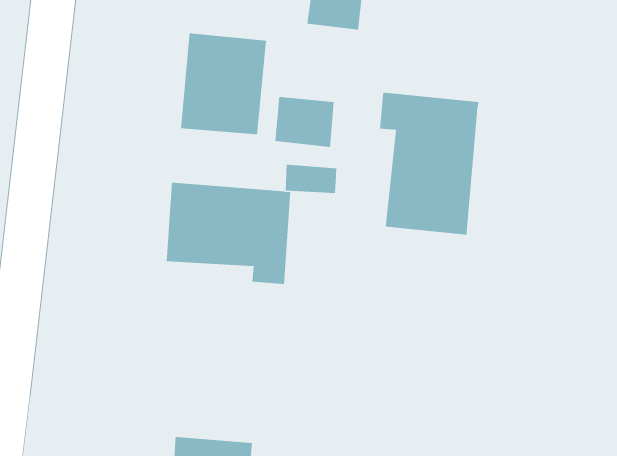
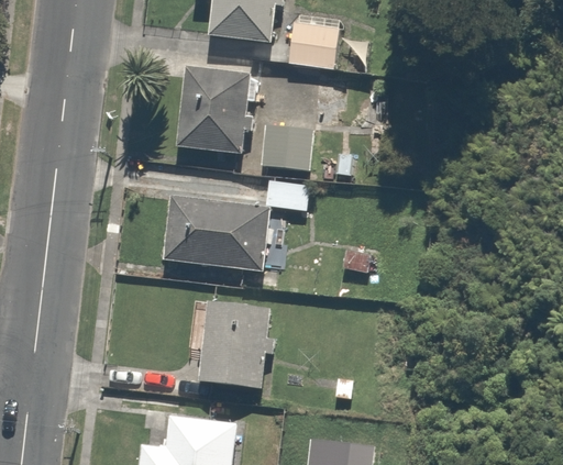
building: [380,92,479,236] -> none
building: none -> [185,298,271,390]

